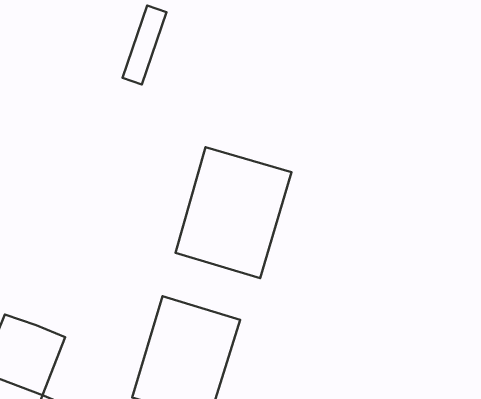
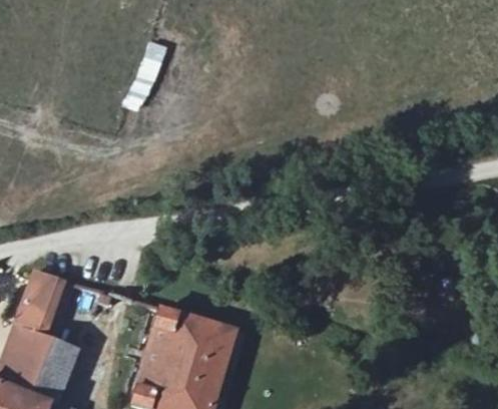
building: [176,147,292,278] -> none
building: none -> [16,271,64,336]

